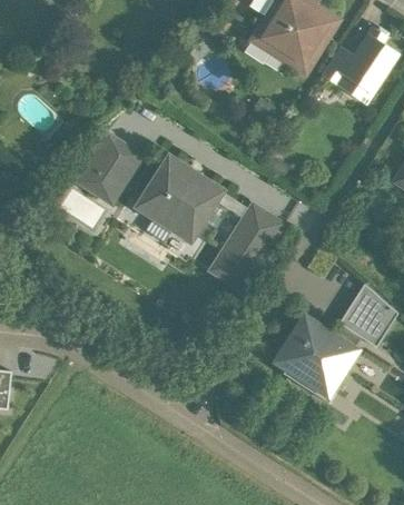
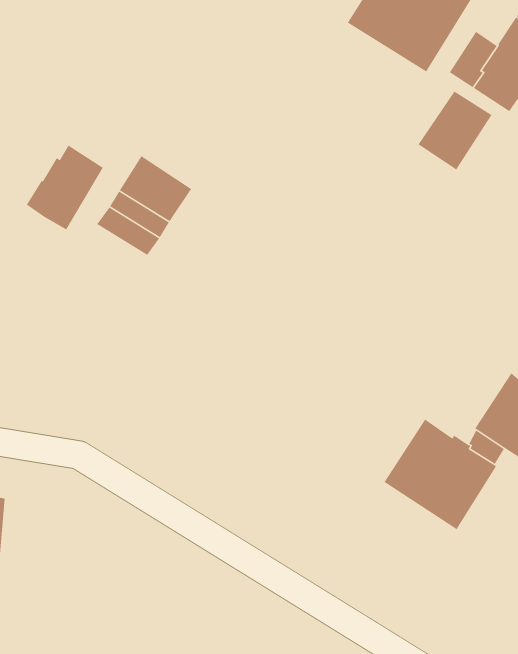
building: none -> [418,90,492,171]
building: none -> [26,145,104,231]
building: [135,156,220,240] -> none
building: [205,208,282,296] -> none

